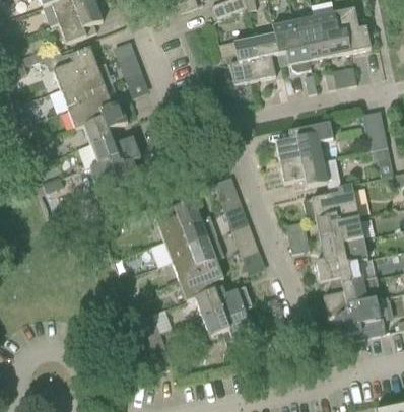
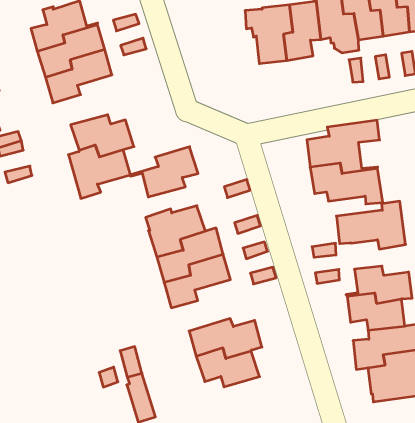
building: [74,101,127,143] -> [130,147,198,197]
building: [316,215,362,243] -> none
building: [179,255,225,300] -> none

